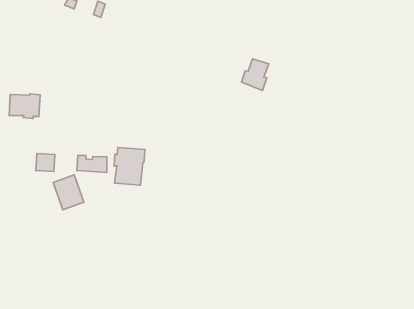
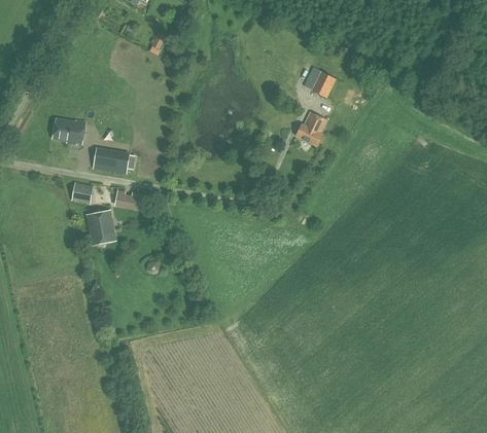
building: none -> [303,66,336,98]
building: none -> [94,147,129,173]
building: [114,147,145,185] -> none

